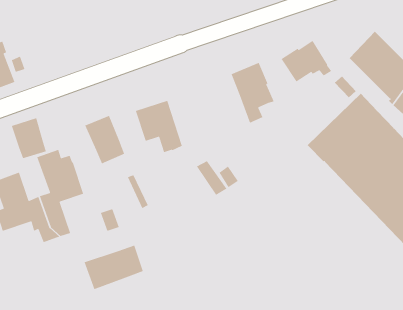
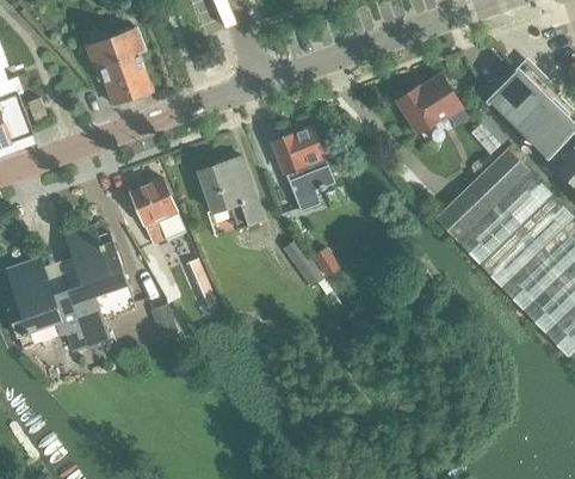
building: none -> [87,25,153,104]
building: [230,62,275,124] -> [273,125,334,210]
building: [11,117,47,159] -> none
building: [84,245,144,290] -> none

